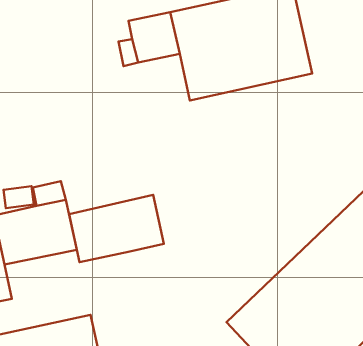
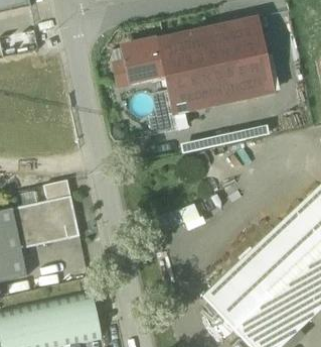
building: [69,195,164,262] -> none

